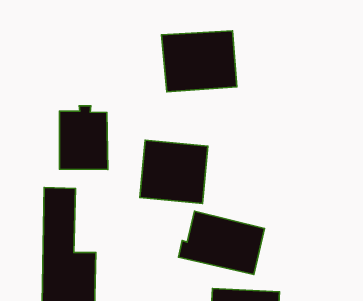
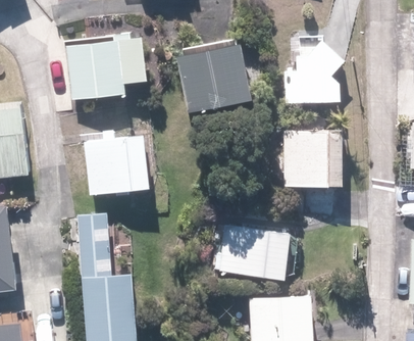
building: none -> [65,37,123,99]
building: none -> [282,41,345,104]
building: [140,140,208,203] -> [282,131,344,187]

